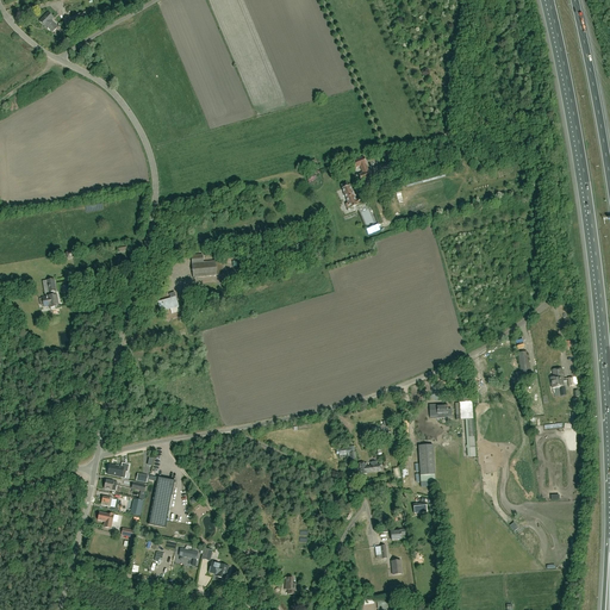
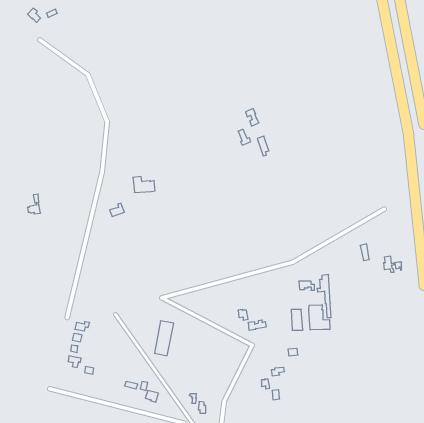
building: none -> [309,305,330,330]
building: [148,477,175,527] -> [155,321,174,356]

